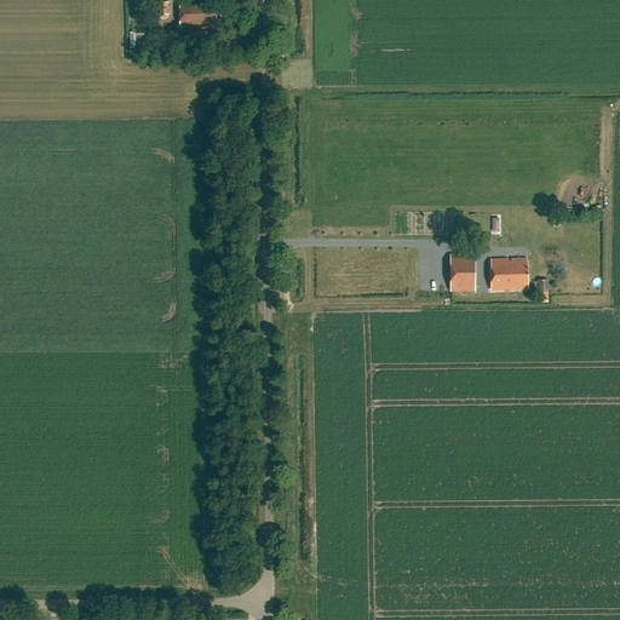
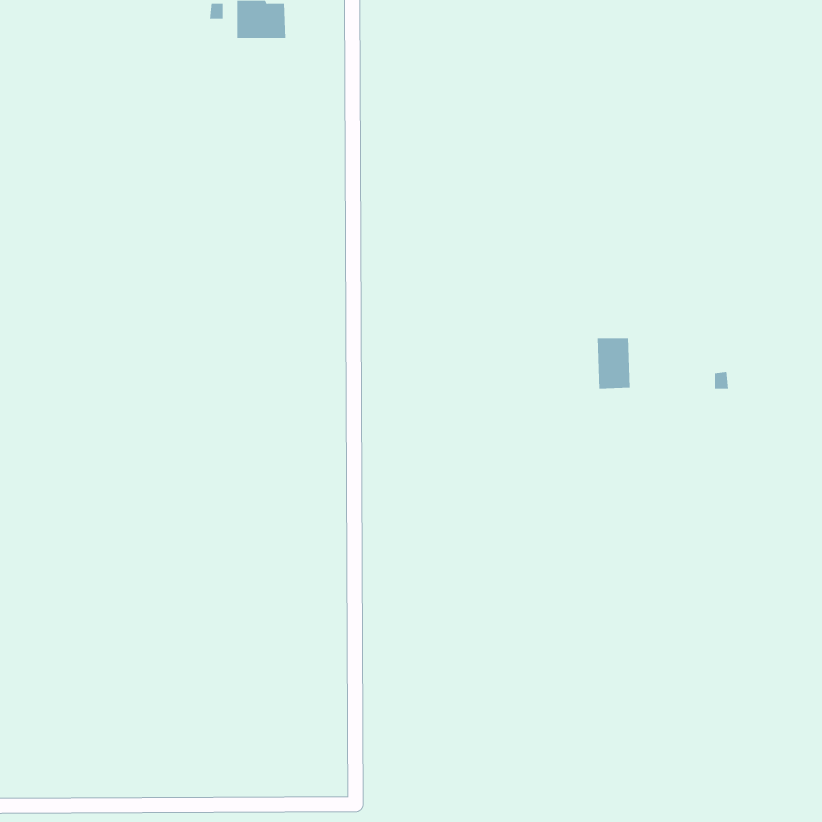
building: [490,259,528,291] -> none

